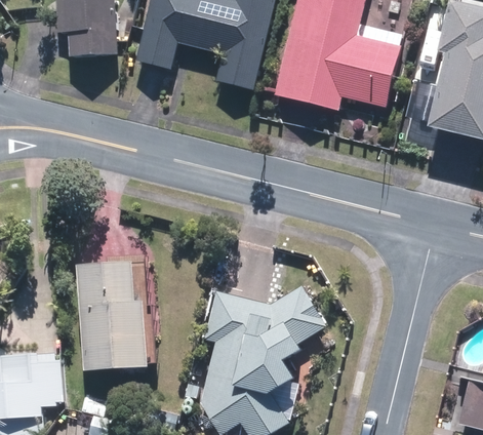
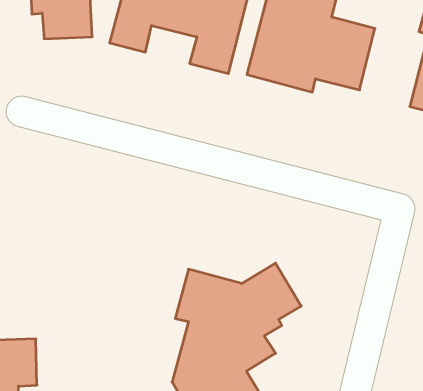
building: [82,256,152,366] -> none

